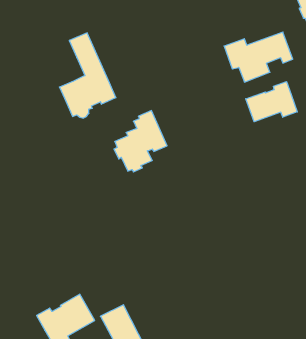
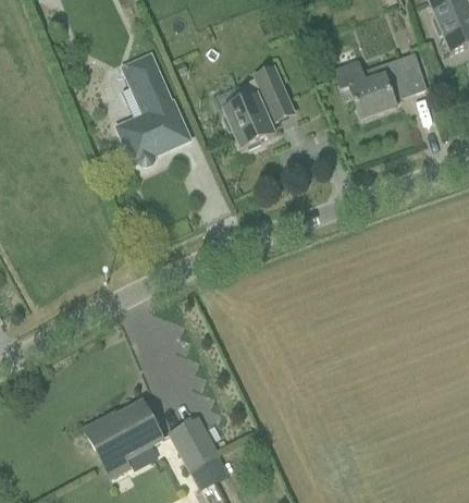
building: [246,82,297,122] -> none
building: [114,111,167,172] -> [223,66,294,148]

